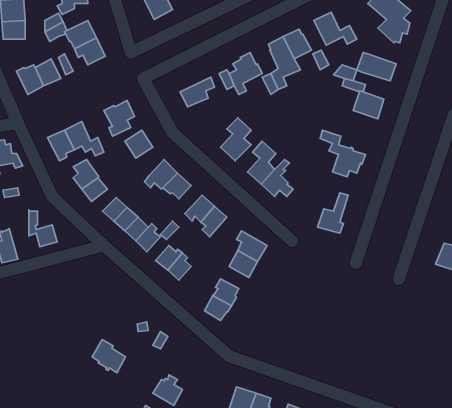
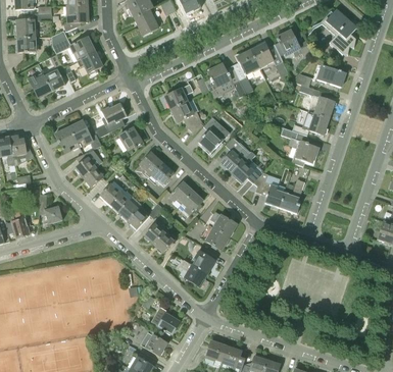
building: none -> [170,101,202,132]
building: none -> [292,111,329,136]
building: none -> [253,172,284,208]
building: [92,340,125,373] -> [151,307,179,334]

